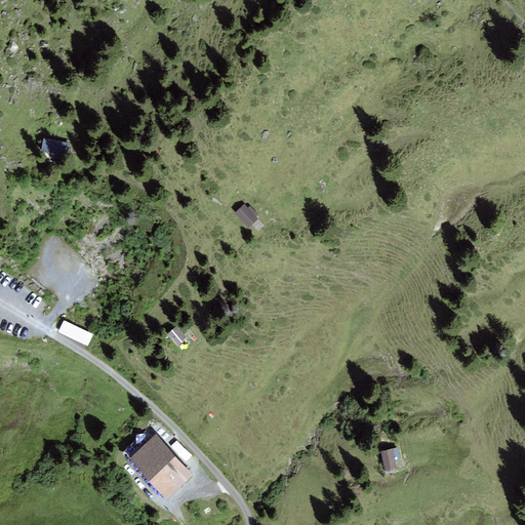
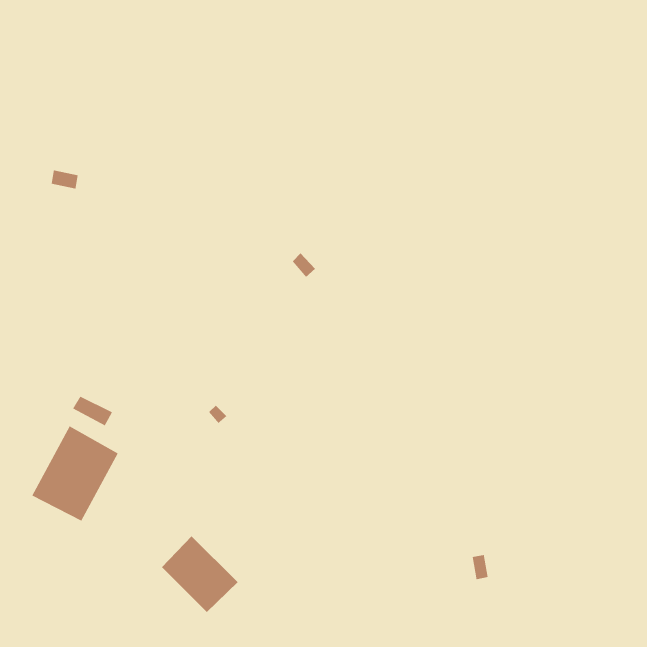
building: none -> [32,426,118,522]

